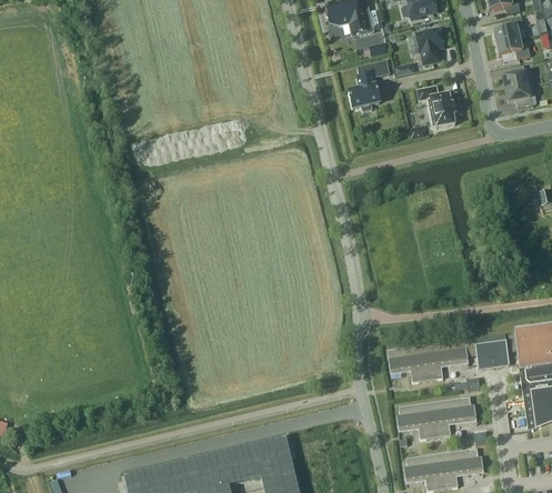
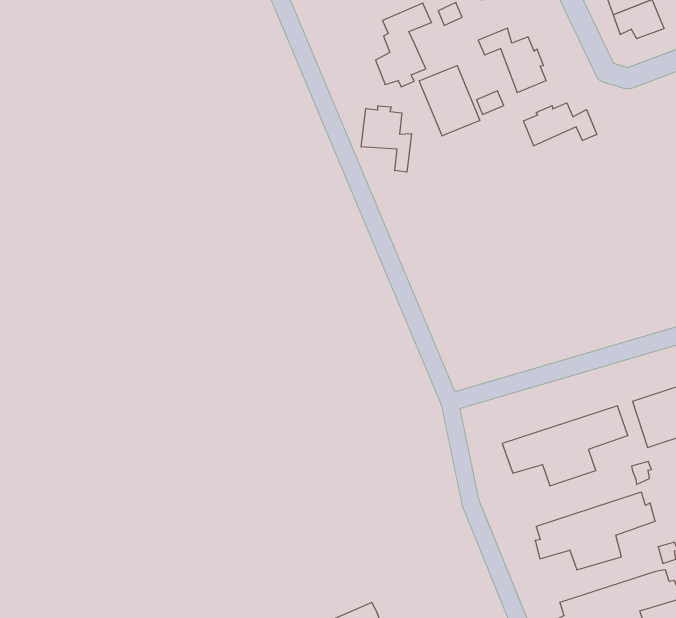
building: none -> [419,66,480,136]
building: none -> [361,106,412,172]
building: none -> [524,103,597,146]

